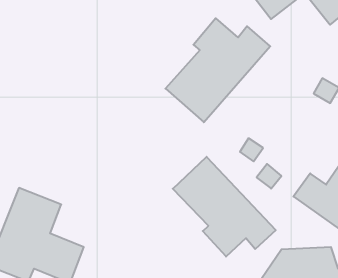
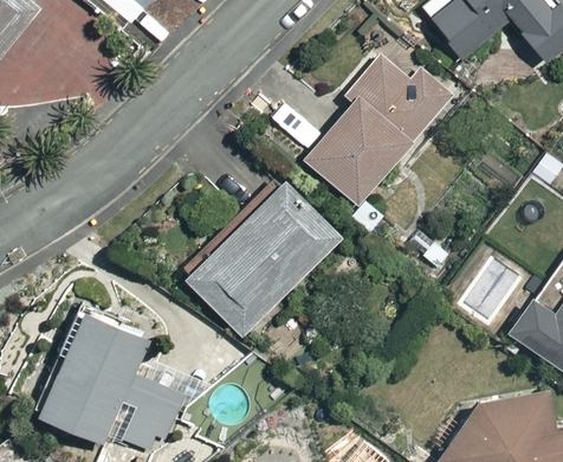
building: none -> [183,179,343,335]
building: [173,157,276,257] -> none

